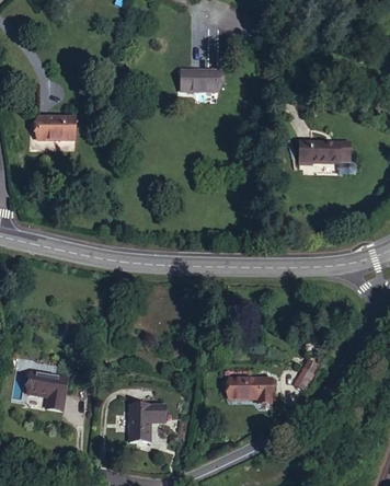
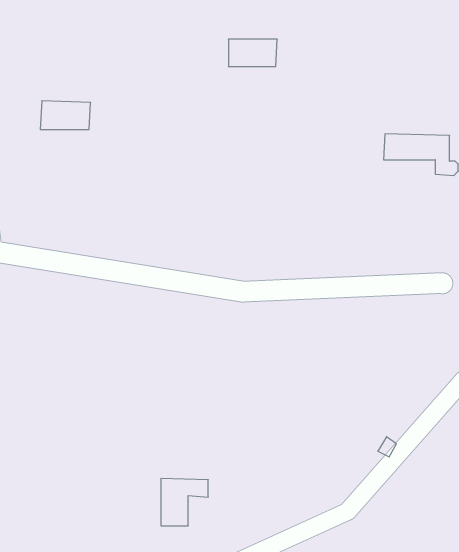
building: [27,371,68,408] -> none
building: [229,379,271,403] -> none

